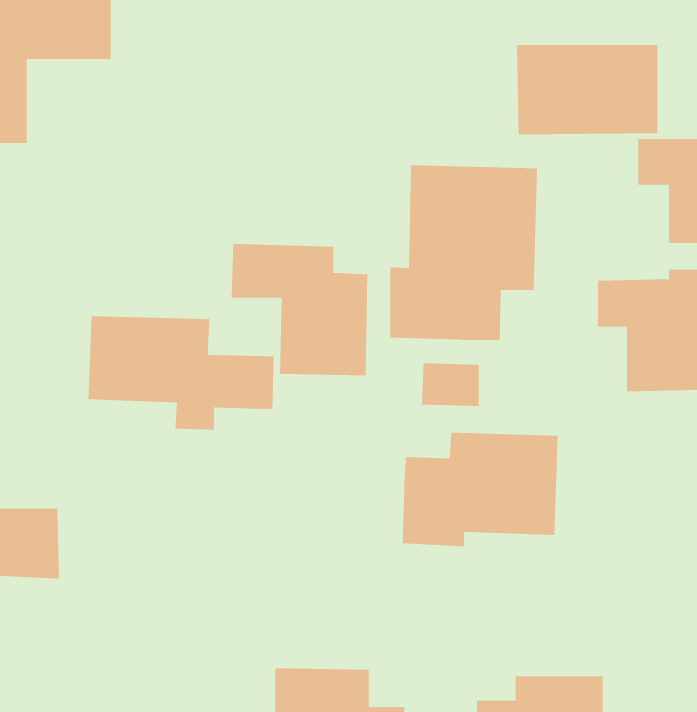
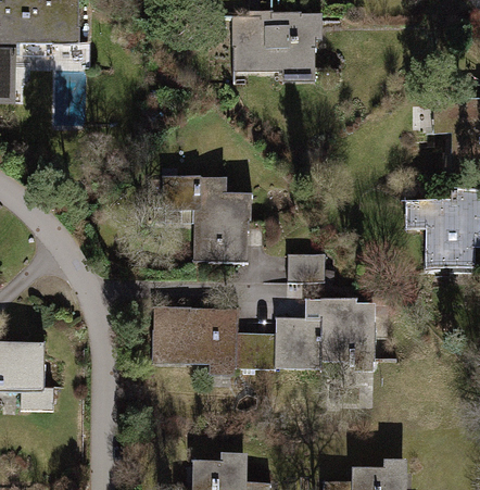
building: [516,45,658,135] -> [230,14,326,75]
building: [390,165,537,341] -> none
building: [87,316,275,430] -> [148,310,274,387]

